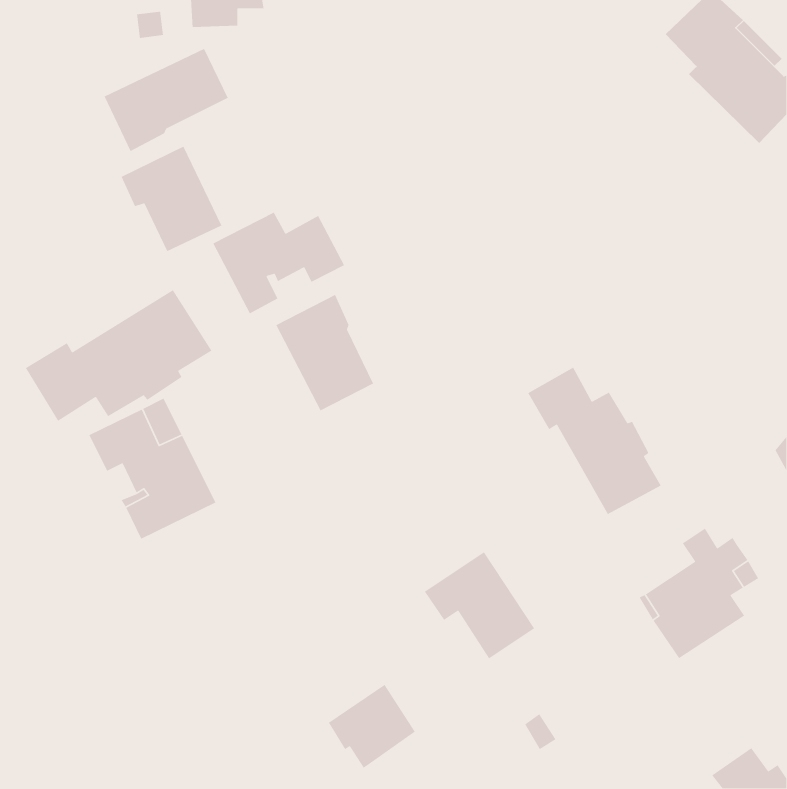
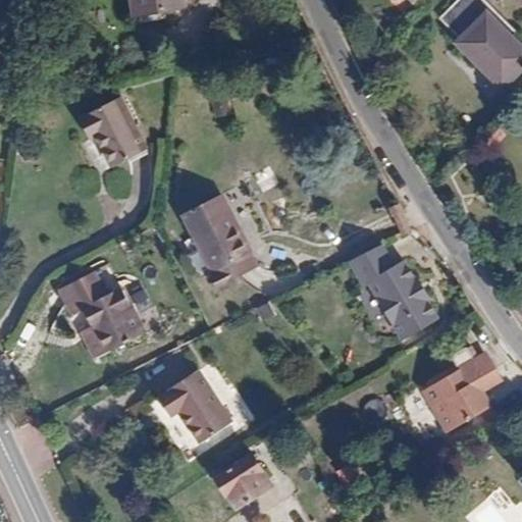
building: [103,48,229,152] -> none
building: [212,212,345,315] -> none
building: [25,289,213,422] -> none
building: [424,551,535,659] -> [158,369,231,440]

